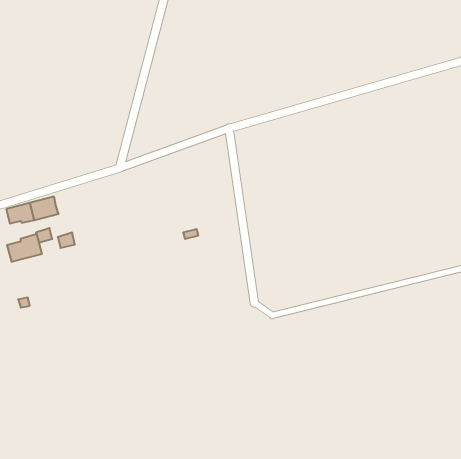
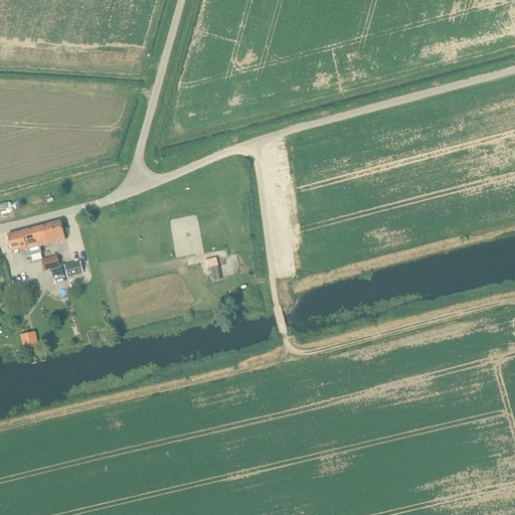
building: [7,234,42,262] -> none

